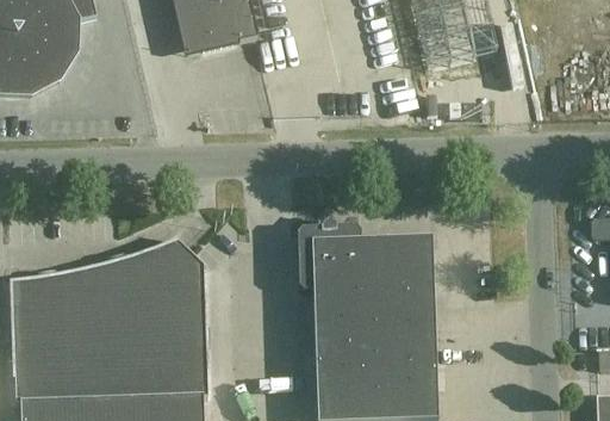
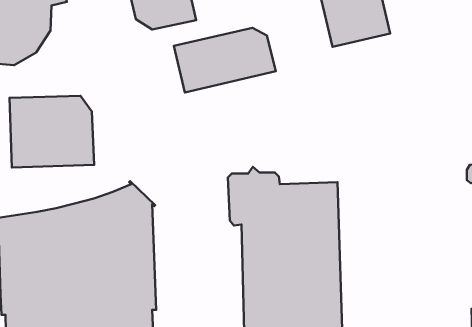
building: none -> [174,28,276,93]
building: none -> [10,96,94,168]

